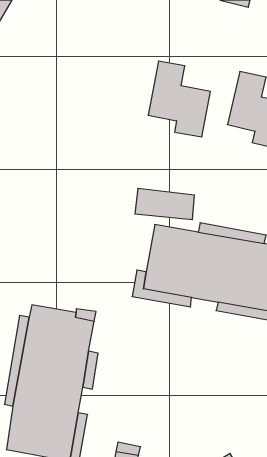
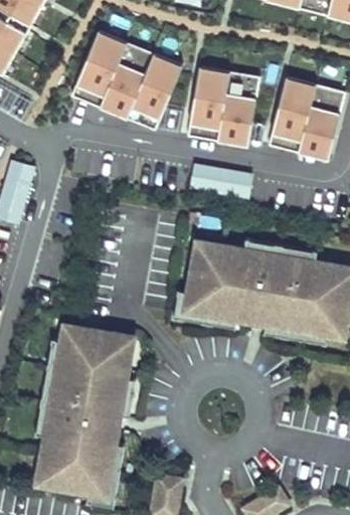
building: none -> [73,29,181,120]
building: [135,188,194,220] -> [188,164,251,197]

